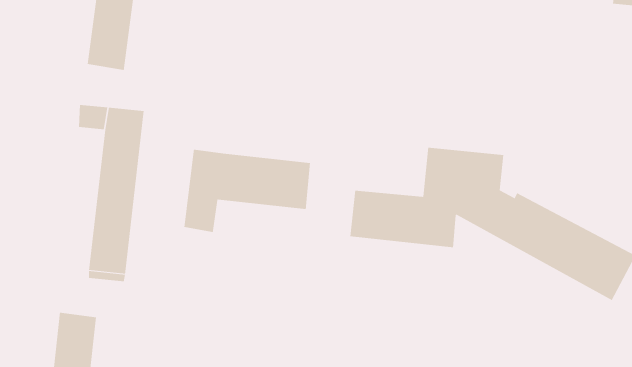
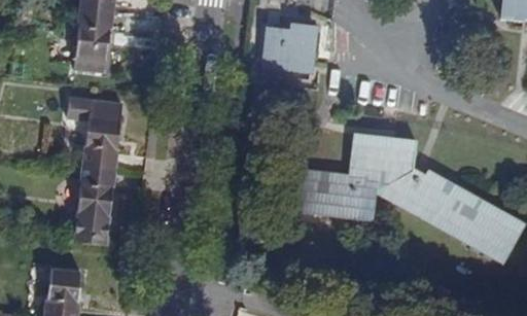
building: none -> [265,25,314,68]
building: [184,149,310,233] -> none

